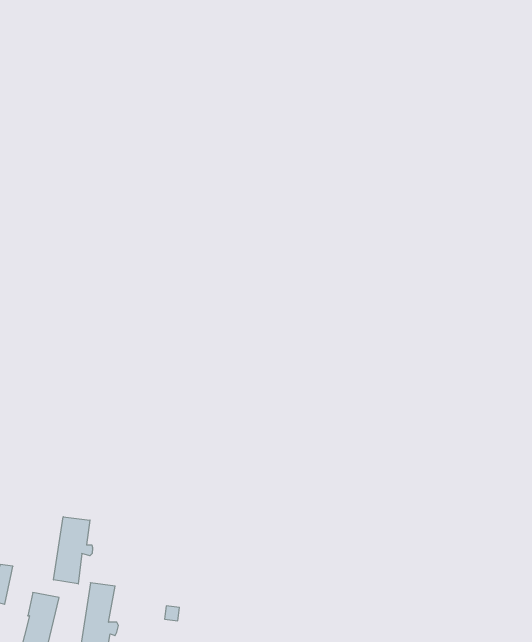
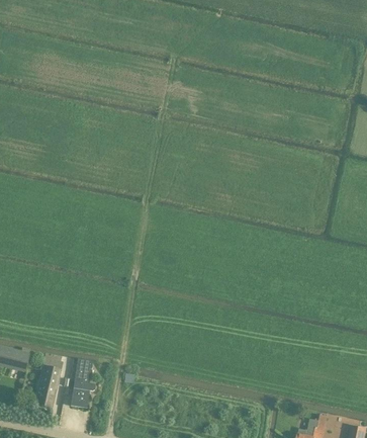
building: [54,517,92,584] -> none

